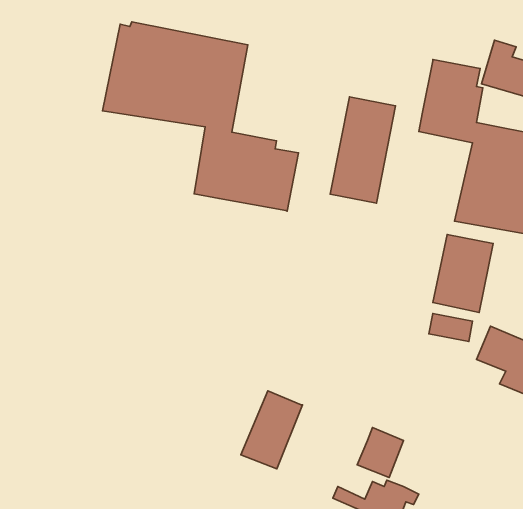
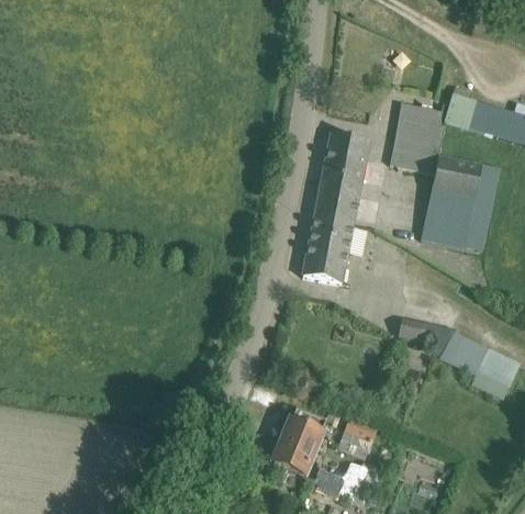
building: [103,22,299,211] -> none
building: [433,234,493,313] -> [301,216,353,283]
building: [241,391,302,469] -> [272,407,325,474]

